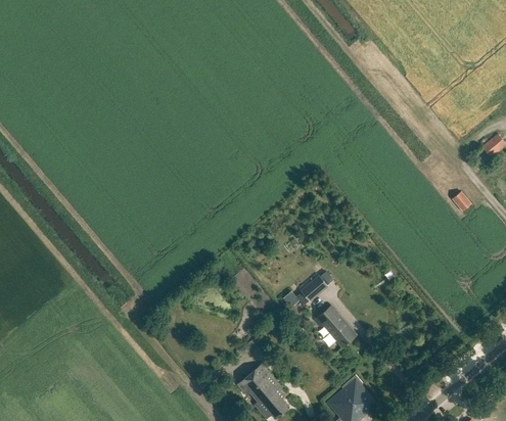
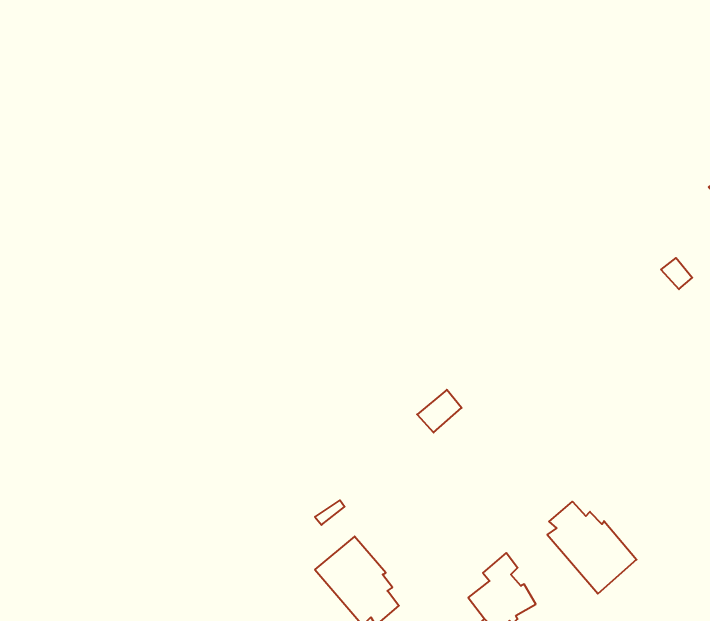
building: [314,305,357,347] -> none
building: none -> [547,502,637,594]

